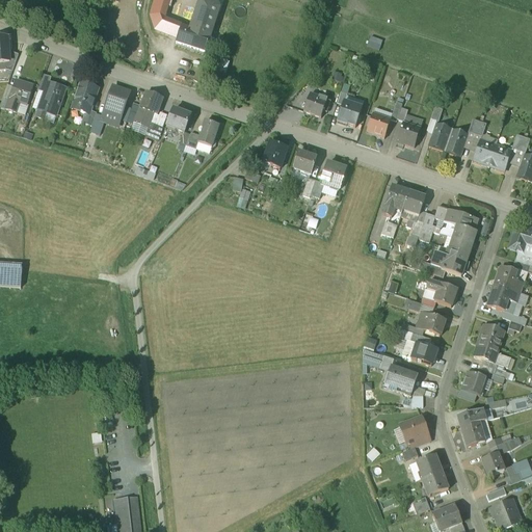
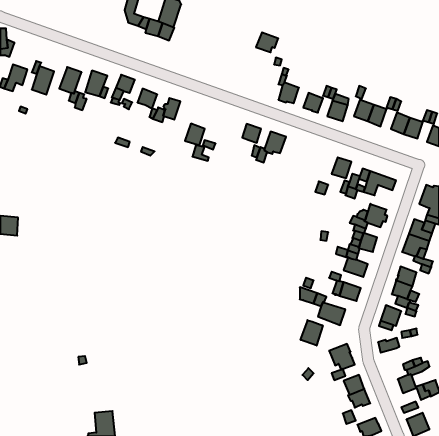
building: [302,91,329,115] -> [256,32,278,52]
building: [263,140,287,166] -> [185,124,205,145]
building: [382,184,408,214] -> none
building: [450,223,476,254] -> none
building: none -> [301,320,323,346]
building: [460,421,484,446] -> none

